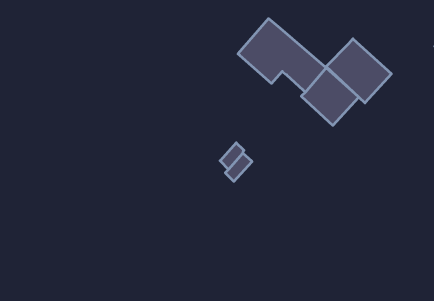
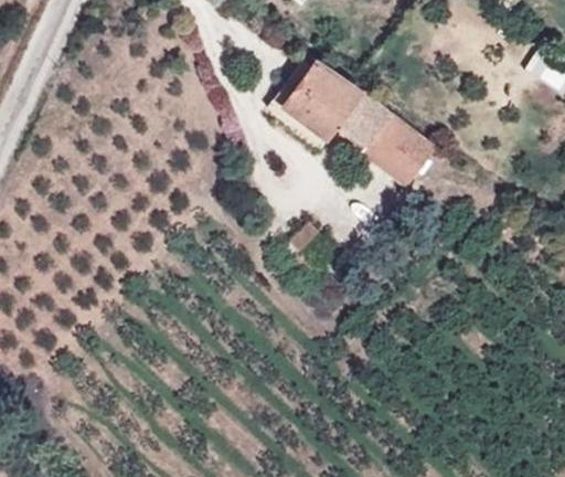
building: [326,39,391,103] -> none

